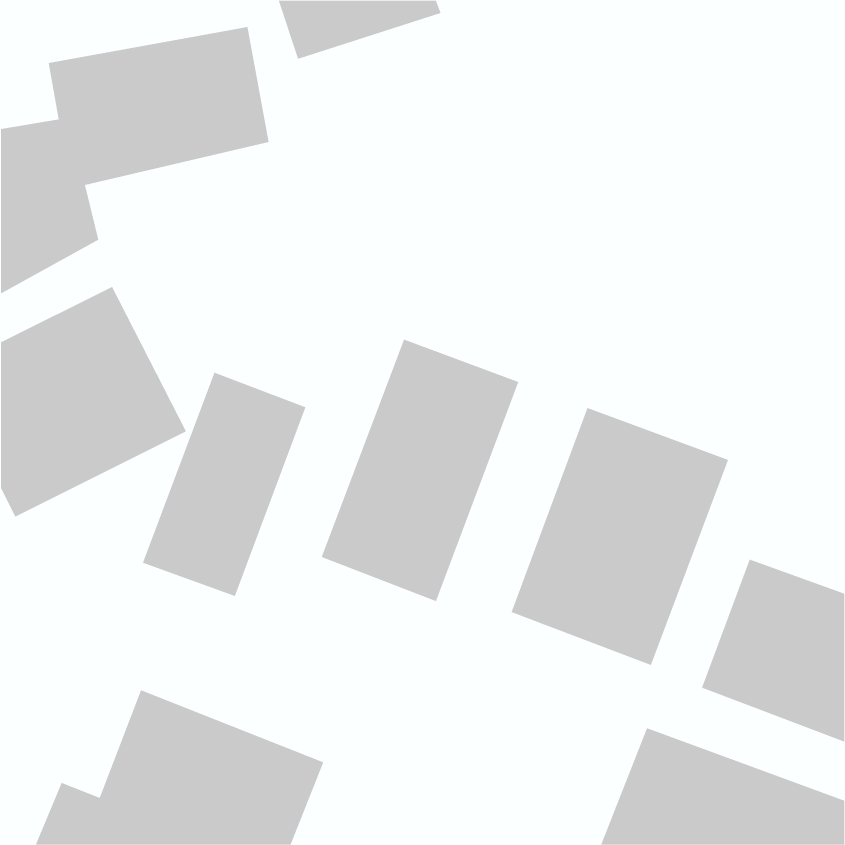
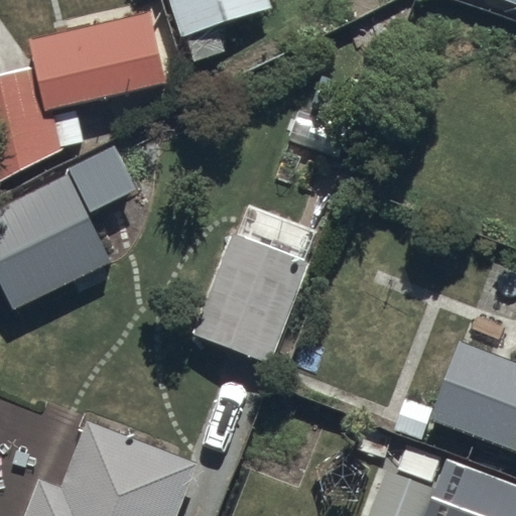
building: [142,372,306,597] -> none
building: [511,407,729,666] -> none

